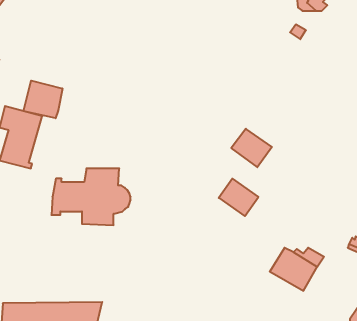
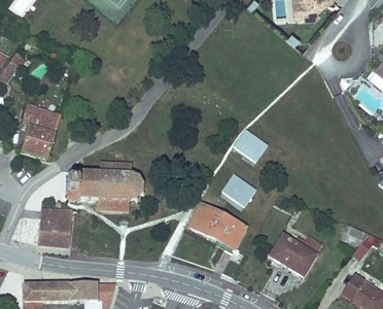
building: [23,81,62,118] -> none
building: none -> [188,203,244,246]
building: none -> [37,209,83,247]

